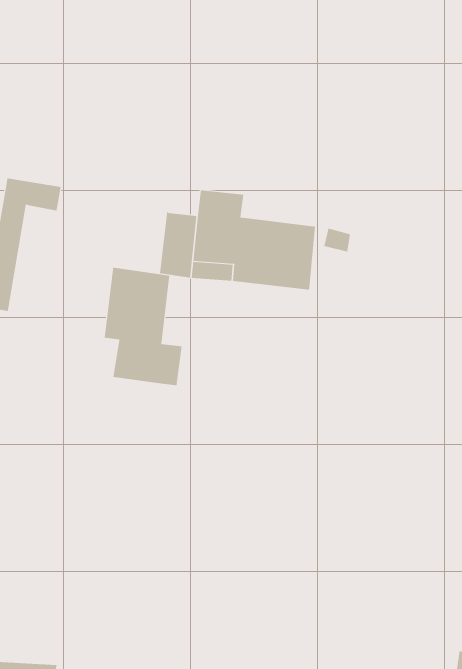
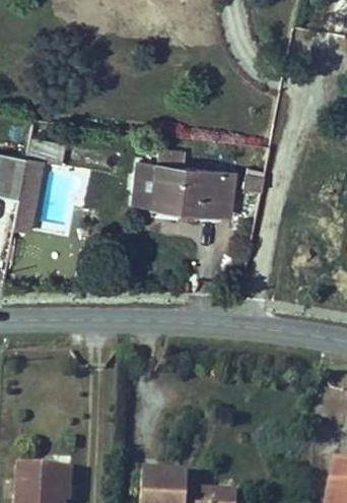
building: [104,267,182,386] -> none

